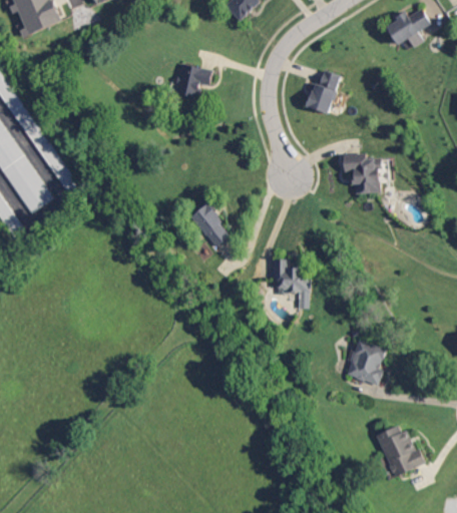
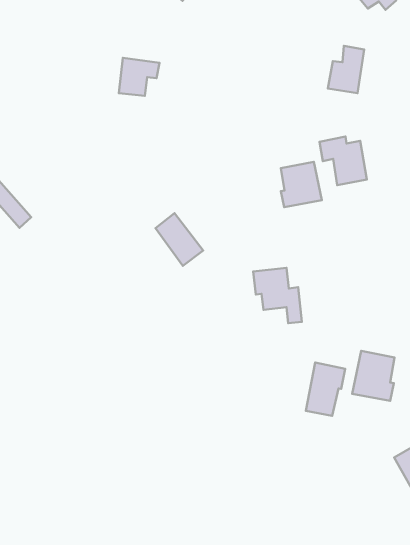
building: [303,71,338,113] -> [328,46,364,93]
building: none -> [281,162,322,207]
building: none -> [306,363,345,416]

